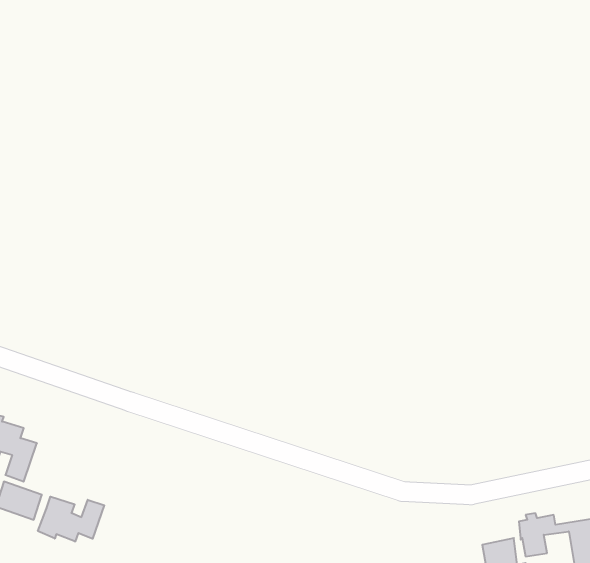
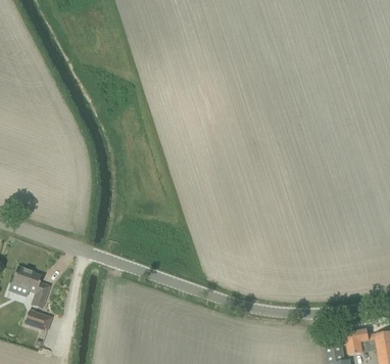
building: [38,497,104,542] -> none

